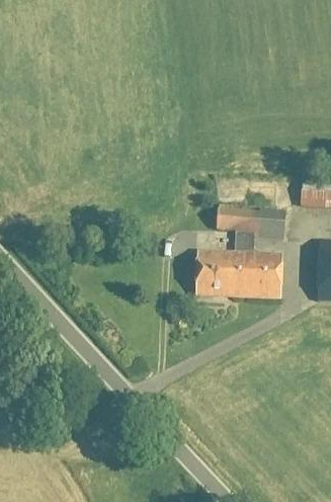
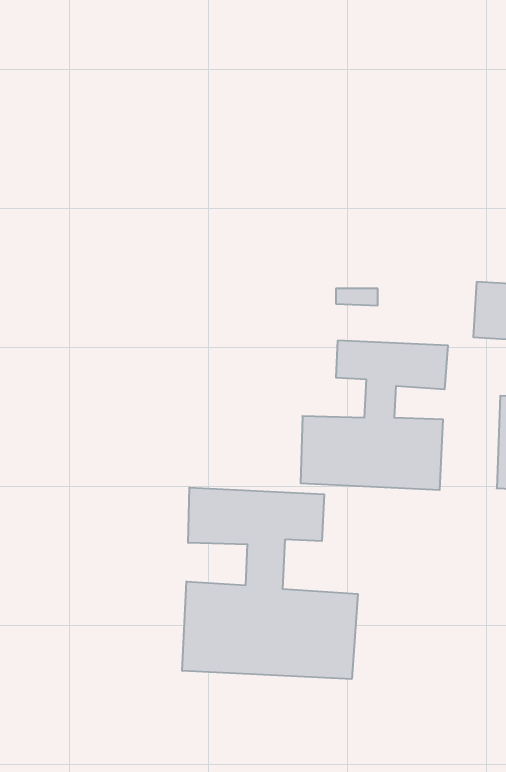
building: none -> [182,487,358,679]

